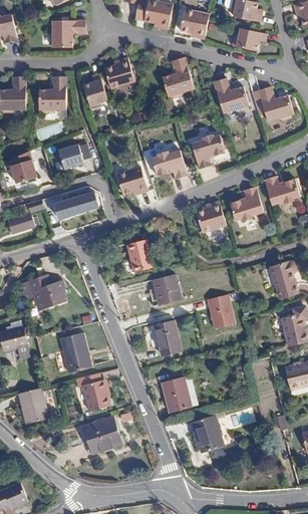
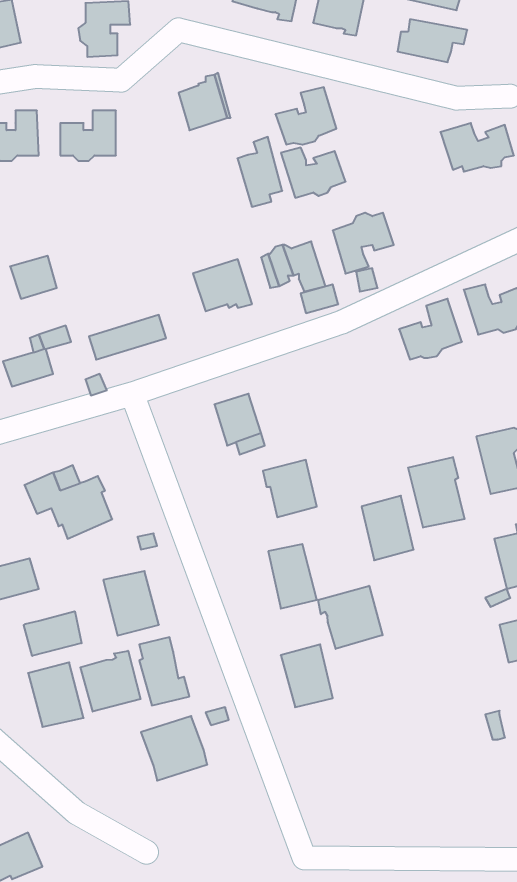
building: [82,73,107,112] -> [237,137,282,207]
building: [213,77,249,105] -> [281,148,346,198]
building: [58,145,84,169] -> none
building: [195,199,225,231] -> none
building: none -> [408,457,465,528]
building: none -> [318,586,383,649]
building: none -> [24,611,82,656]
building: none -> [80,651,141,712]
building: [193,416,223,451] -> none

